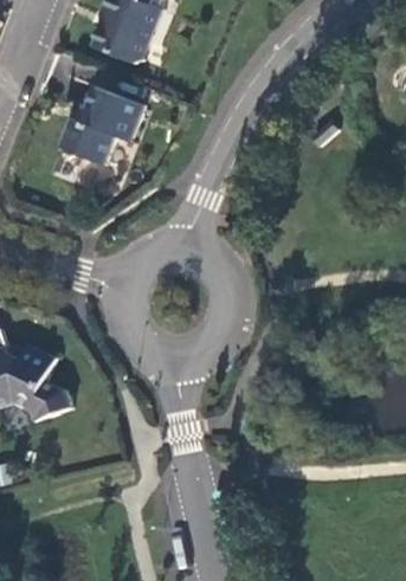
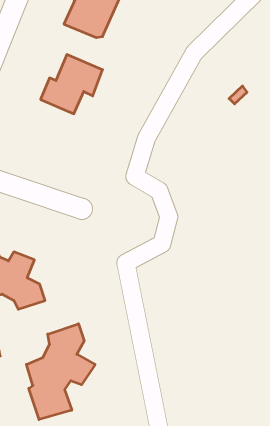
building: none -> [26,324,95,420]

